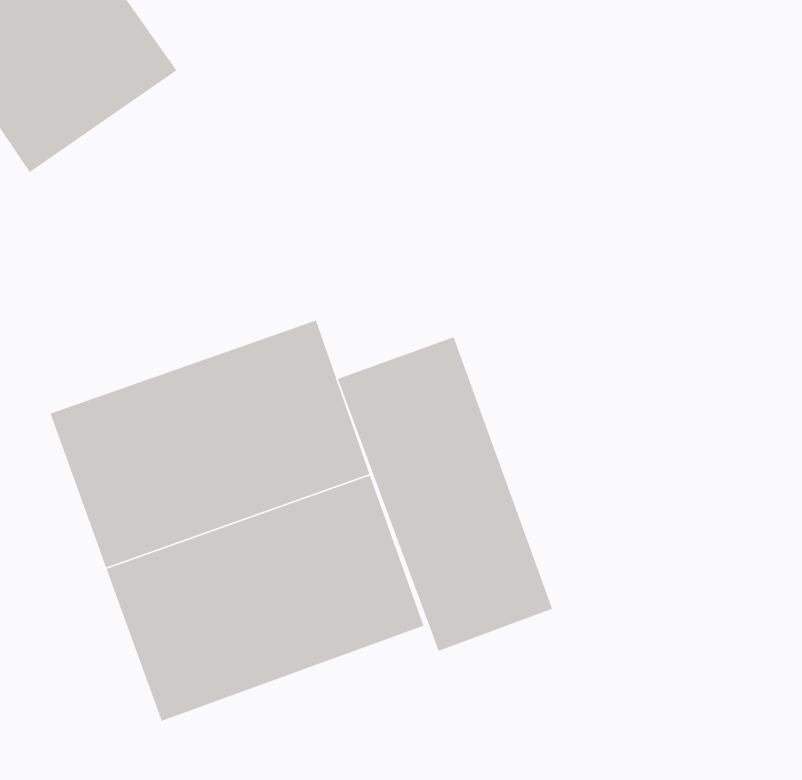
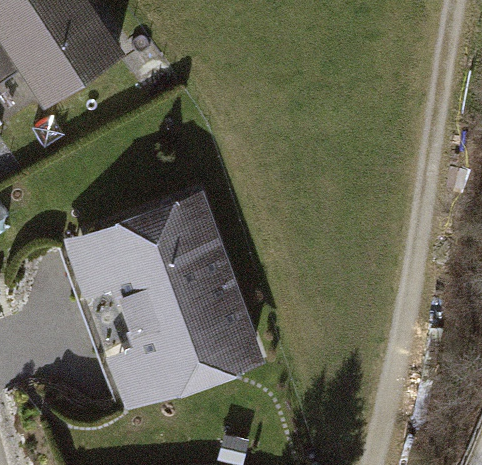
building: [337,336,553,652] -> none

